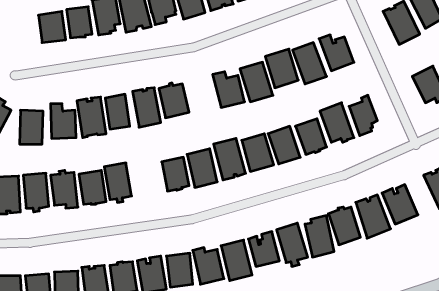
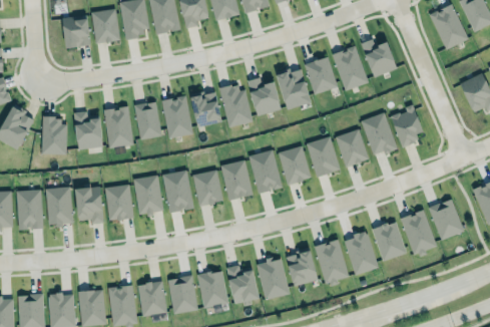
building: none -> [219,83,252,128]
building: none -> [163,170,194,213]

